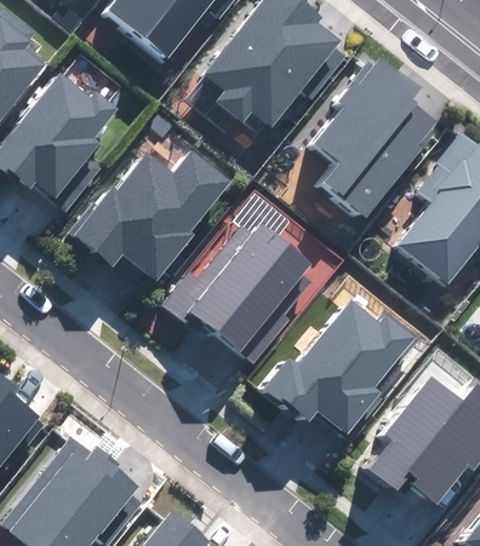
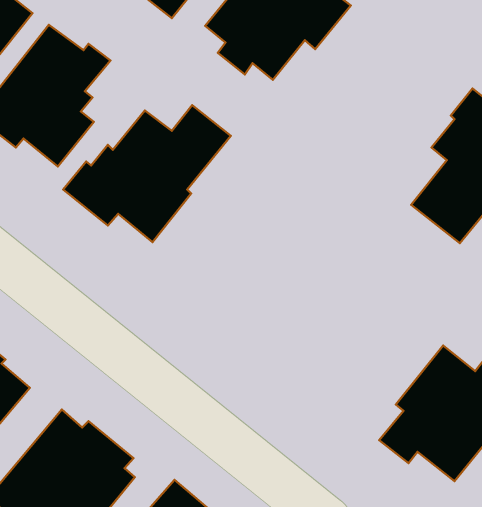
building: [316,58,439,215] -> none
building: [162,225,308,362] -> none
building: [267,303,413,433] -> none

